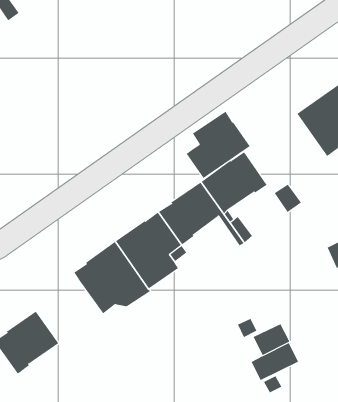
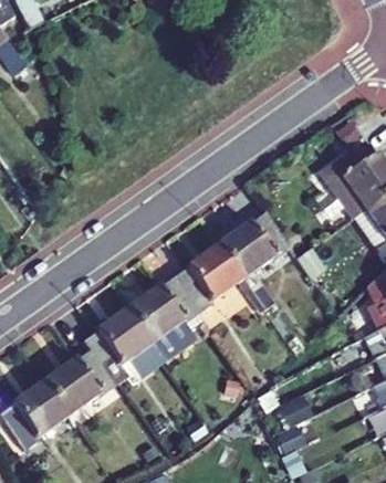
building: [186,111,250,179] -> none
building: none -> [44,348,115,414]

